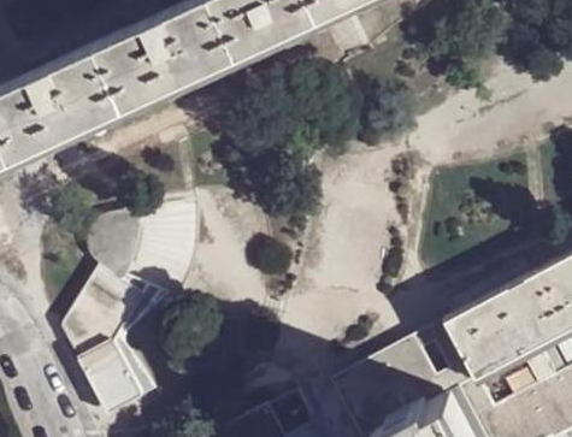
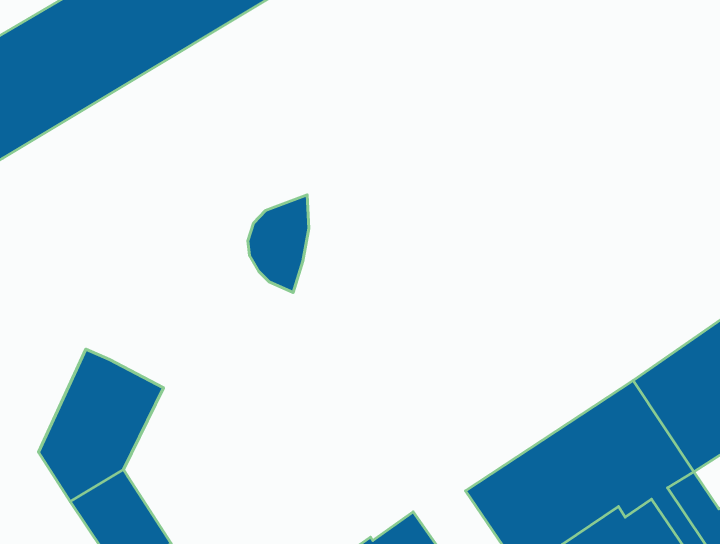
building: [92,214,132,276] -> [248,195,309,292]

